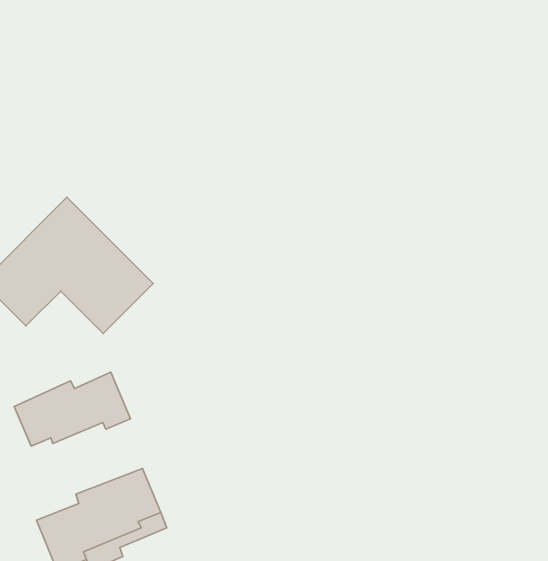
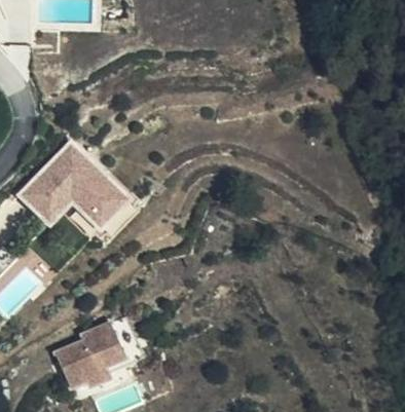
building: [14,372,131,446] -> none

